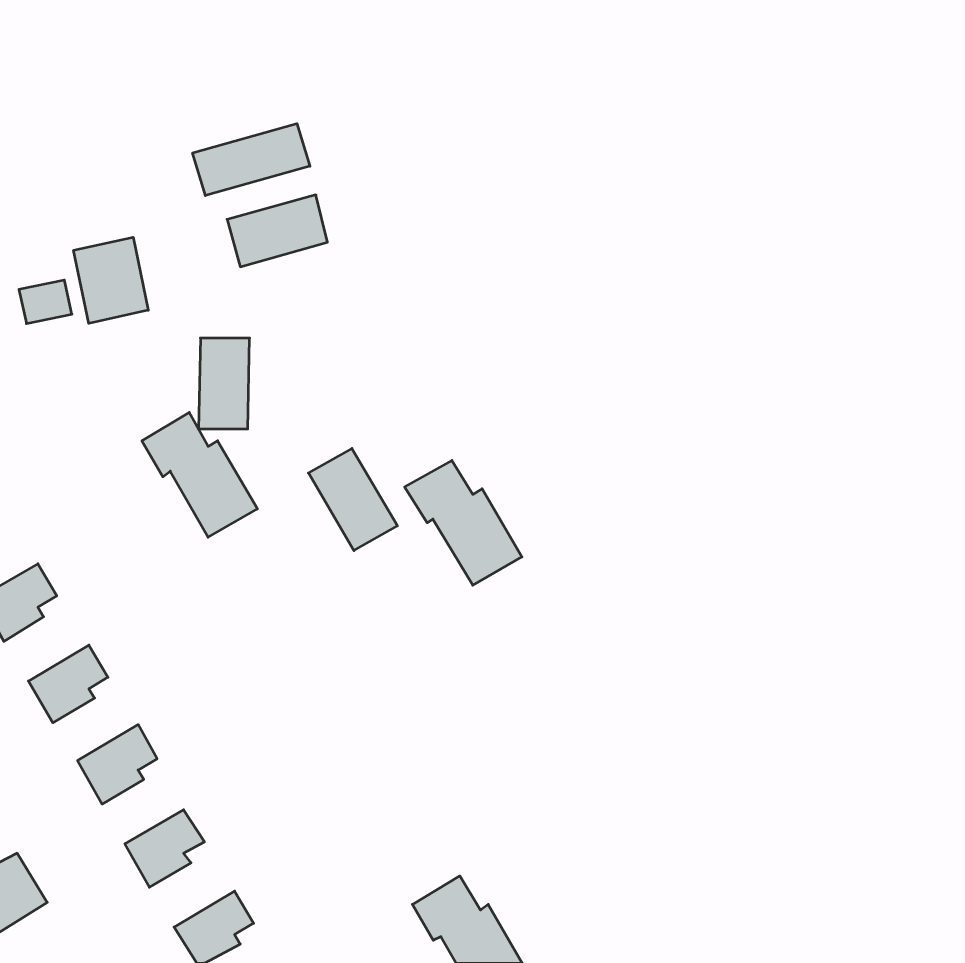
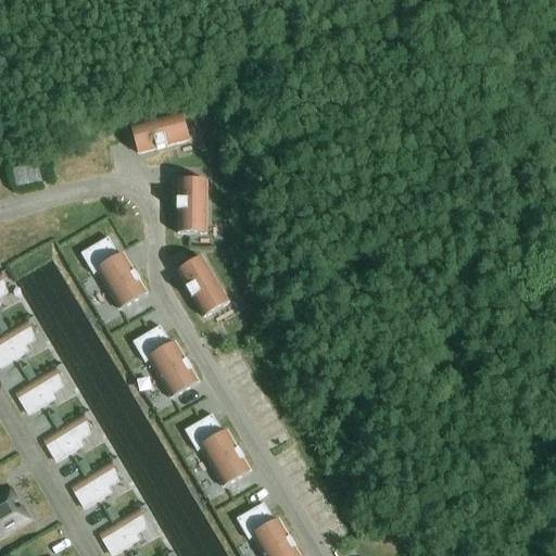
building: [193,124,310,196] -> none
building: [74,237,148,323] -> none
building: [198,338,250,429] -> [177,180,206,232]
building: [405,460,522,585] -> [132,326,200,397]
building: none -> [186,414,252,486]

